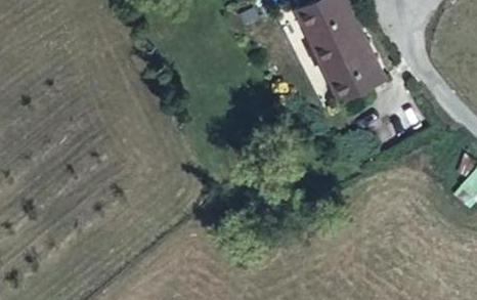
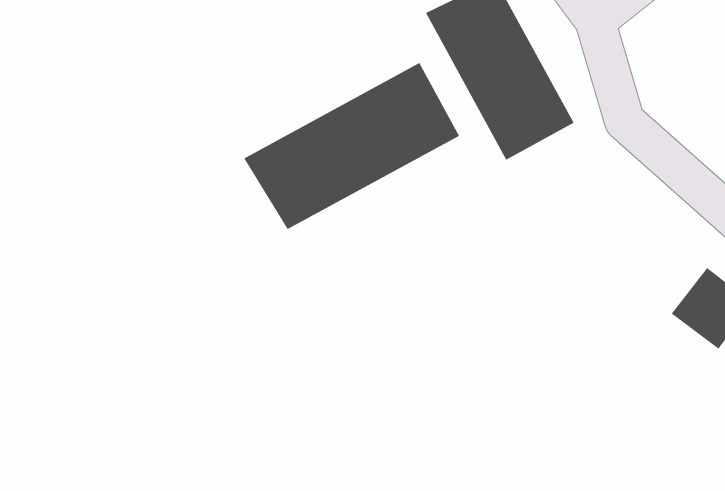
building: none -> [243,62,460,230]

